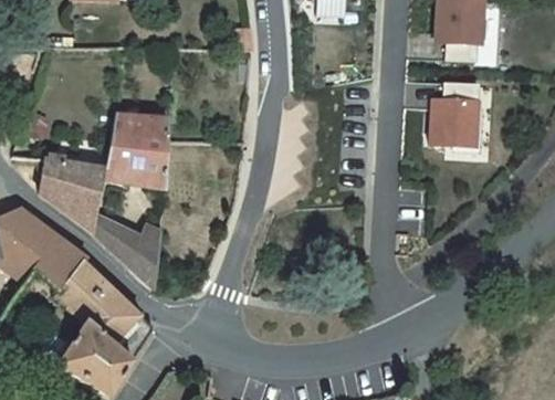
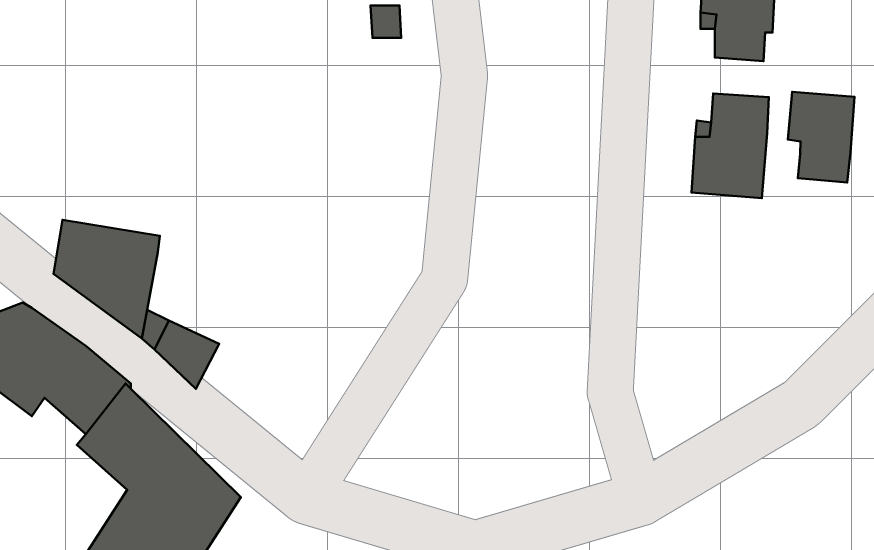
building: none -> [788,92,854,183]
building: [103,114,168,188] -> none
building: [126,225,161,288] -> none

